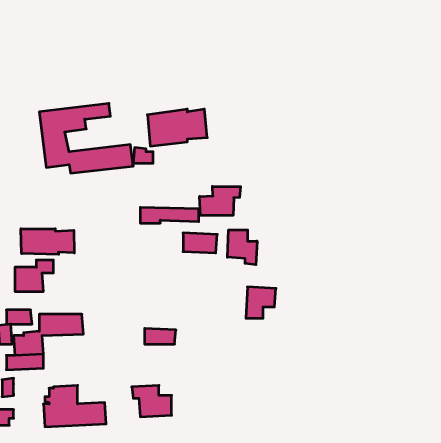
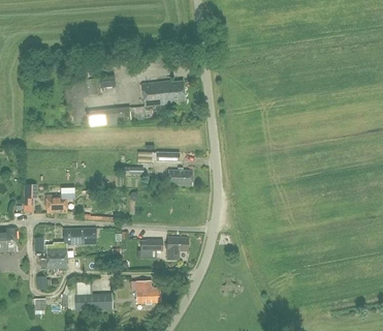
building: [200,186,241,215] -> none
building: [21,229,74,254] -> none
building: [227,230,257,265] -> none
building: [246,287,276,318] -> [167,236,189,259]

